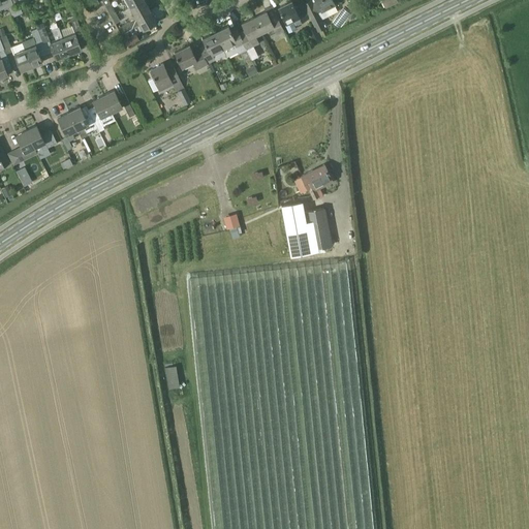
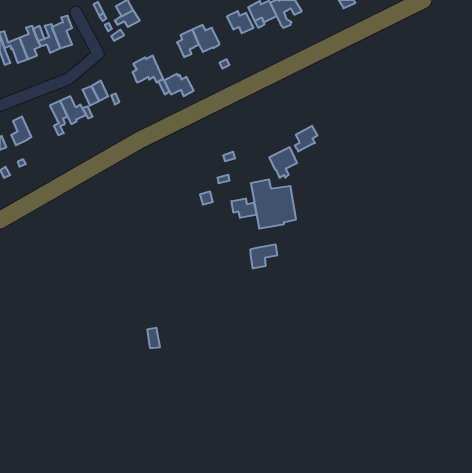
building: [237,19,260,50] -> none
building: [174,45,207,70] -> [164,74,194,96]
building: [25,126,56,150] -> none
building: none -> [295,126,317,152]
building: none -> [231,198,257,218]
building: none -> [250,244,277,269]

